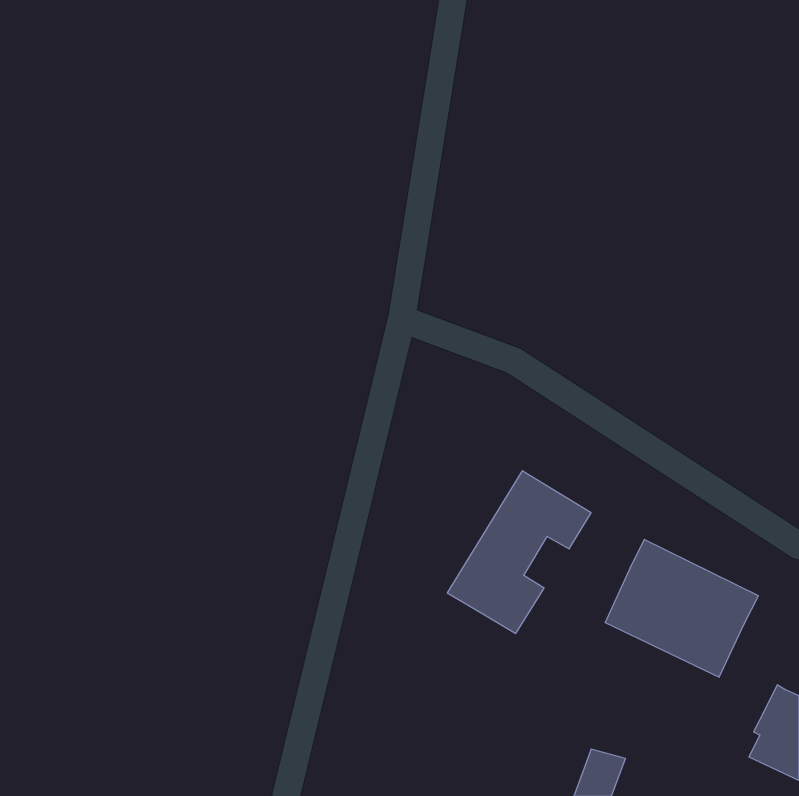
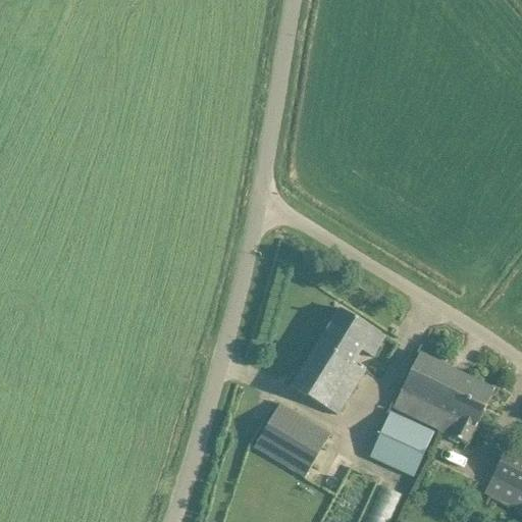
building: none -> [256,403,330,475]
building: none -> [370,410,435,476]

